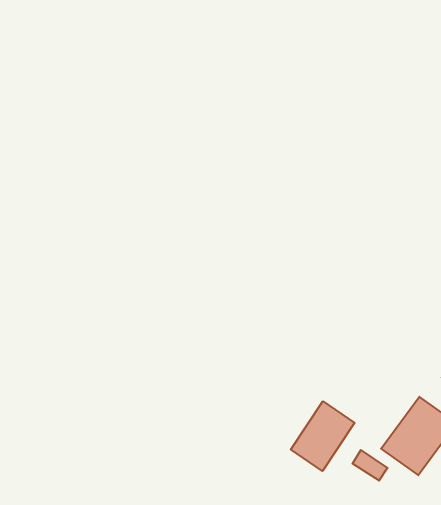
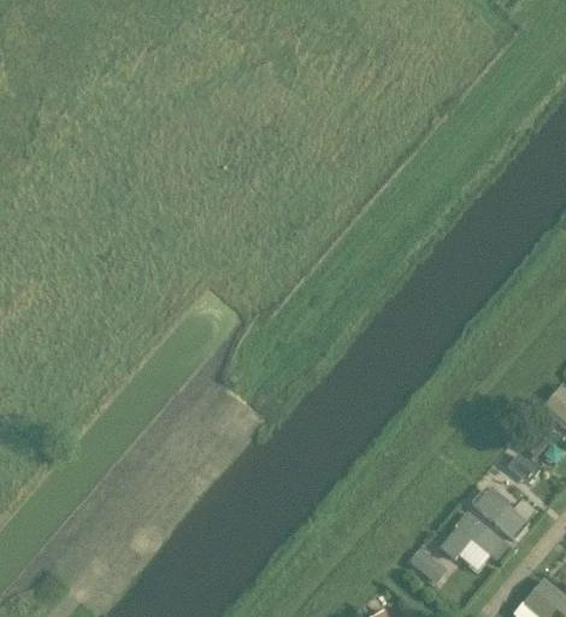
building: [291,401,355,471] -> none

